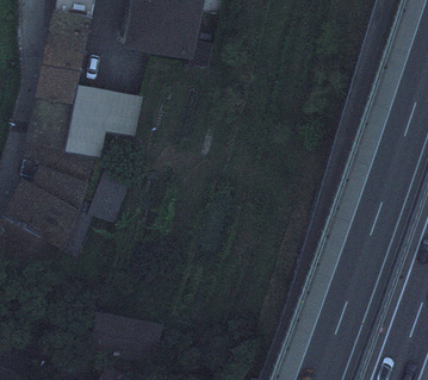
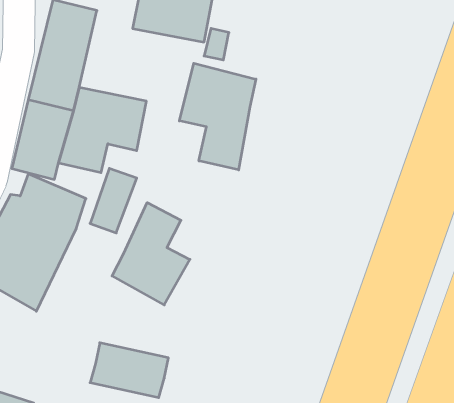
building: none -> [179,63,256,170]
building: none -> [112,203,190,305]

